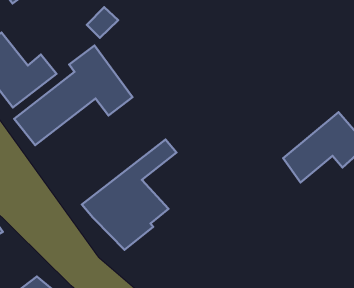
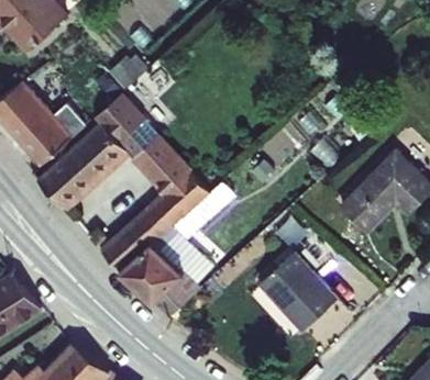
building: none -> [101,149,208,271]
building: none -> [260,252,337,329]

